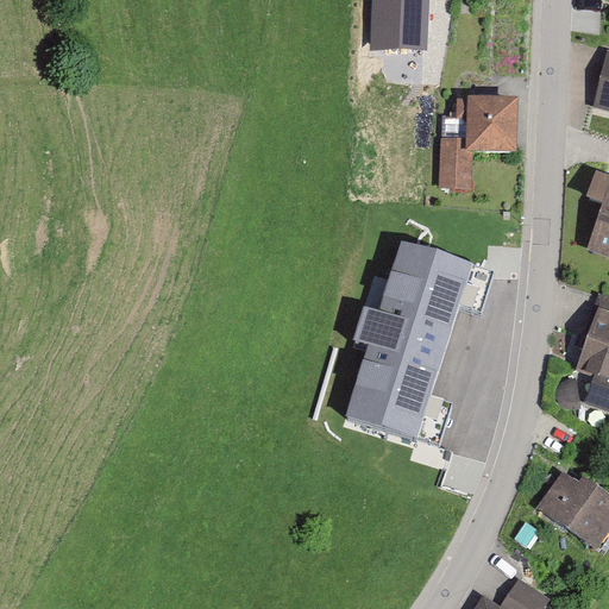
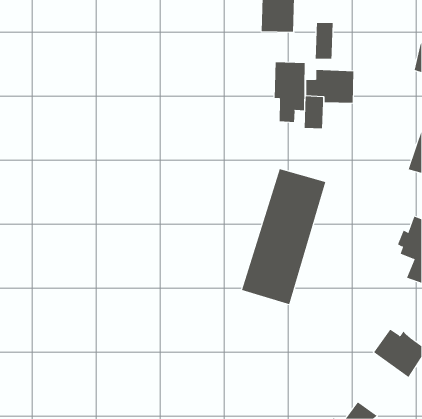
building: none -> [315,22,333,60]
building: none -> [274,61,305,123]

